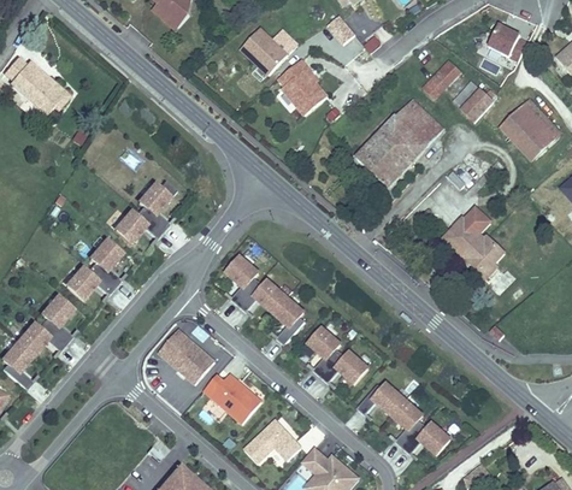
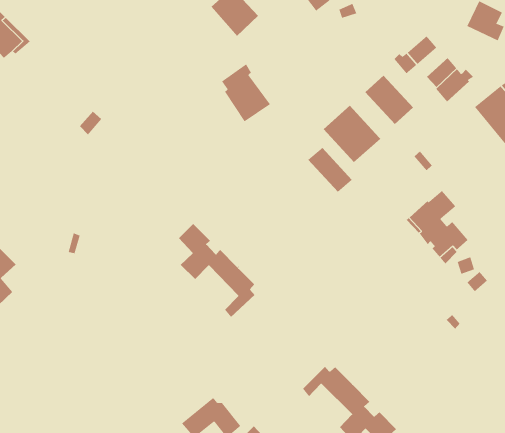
building: [278,58,328,114] -> [221,63,271,122]
building: [381,118,425,160] -> [308,147,353,193]
building: [114,179,177,242] -> none
building: [66,238,122,299] -> none
building: [308,327,367,383] -> none
building: [158,329,214,383] -> none
building: [210,373,261,423] -> none

